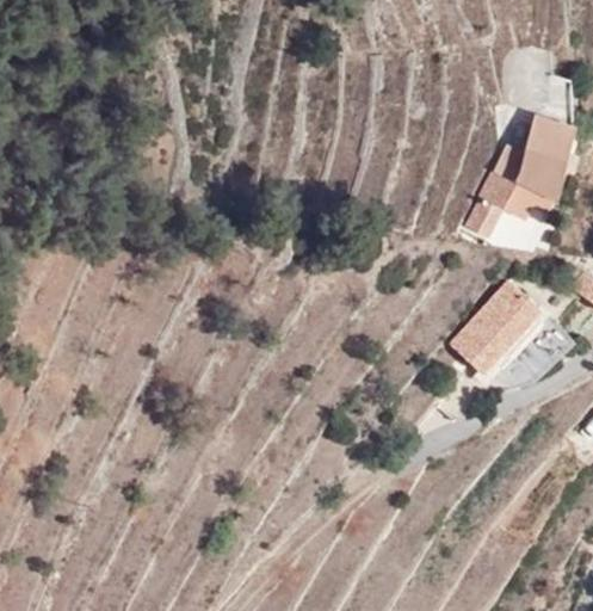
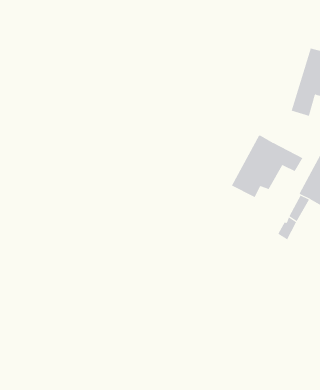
building: none -> [231,135,303,198]

